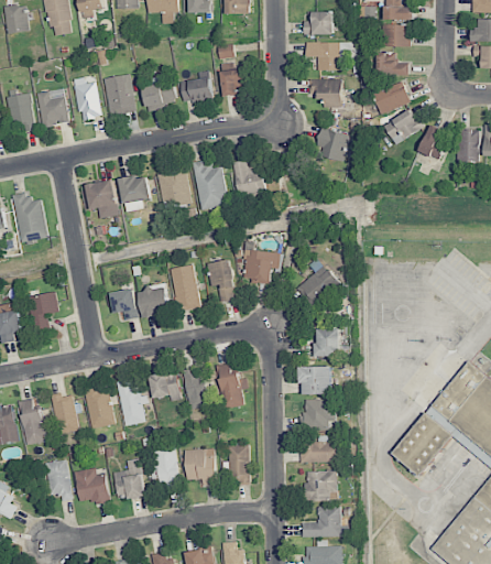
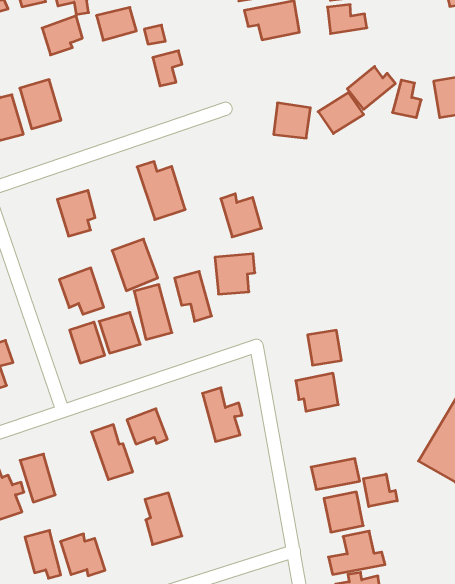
building: [181,78,212,102] -> [96,7,136,40]
building: [308,78,342,107] -> none
building: [372,80,411,113] -> [318,92,364,134]
building: [143,82,176,111] -> [42,16,82,55]
building: [233,160,264,196] -> [221,194,262,237]
building: [156,167,192,209] -> [112,239,158,291]
building: [85,180,119,218] -> [59,268,104,314]
building: [296,264,340,307] -> none
building: [184,369,208,409] -> none
building: [84,386,114,429] -> none
building: [304,399,335,430] -> none
building: [228,444,250,484] -> none
building: [185,448,216,485] -> none
building: none -> [363,474,397,507]
building: [114,459,143,499] -> none

